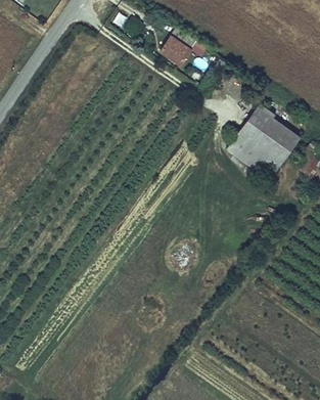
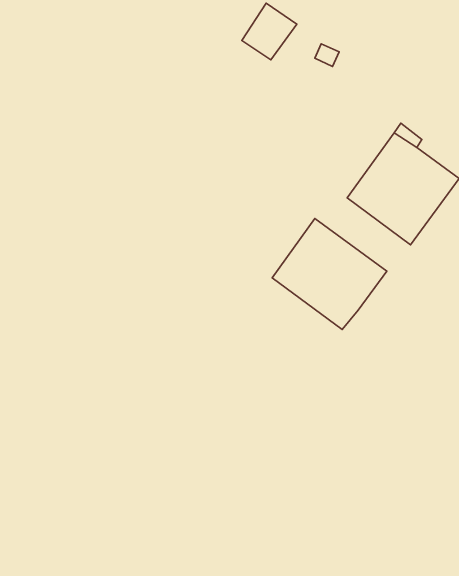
building: none -> [272,218,387,329]

